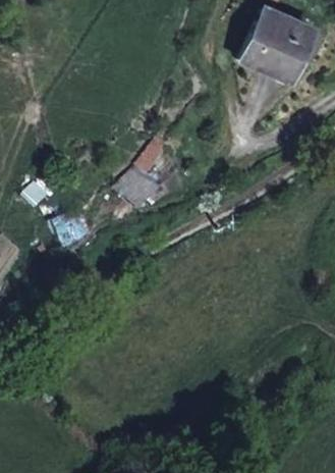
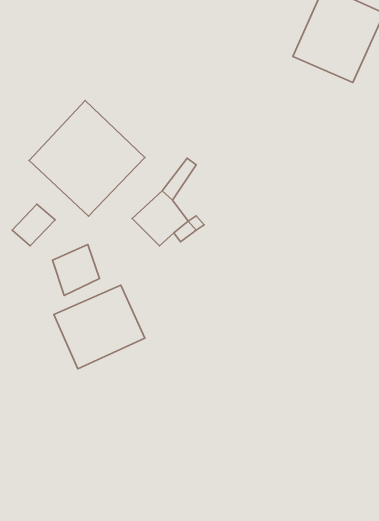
building: none -> [29,101,145,216]
building: none -> [54,285,145,369]

